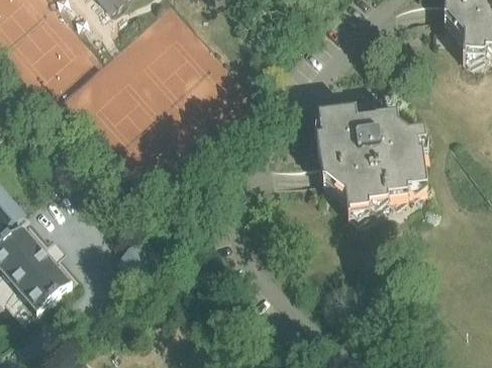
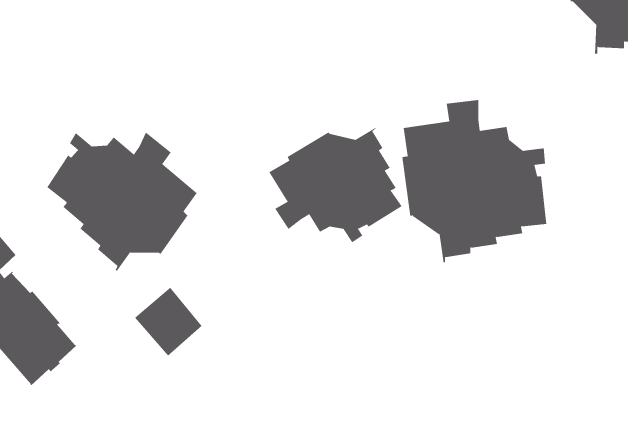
building: none -> [269,127,402,243]
building: none -> [47,131,197,272]

